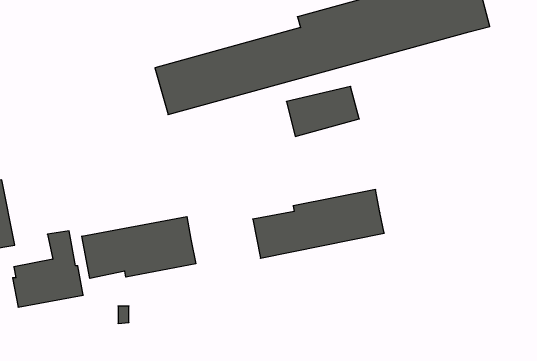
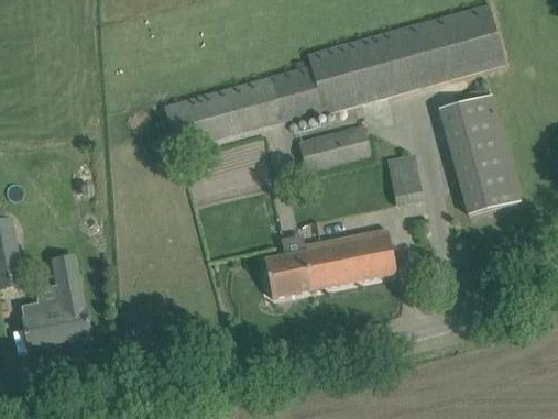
building: none -> [438,92,522,214]
building: none -> [387,154,424,203]
building: [82,217,196,278] -> none

